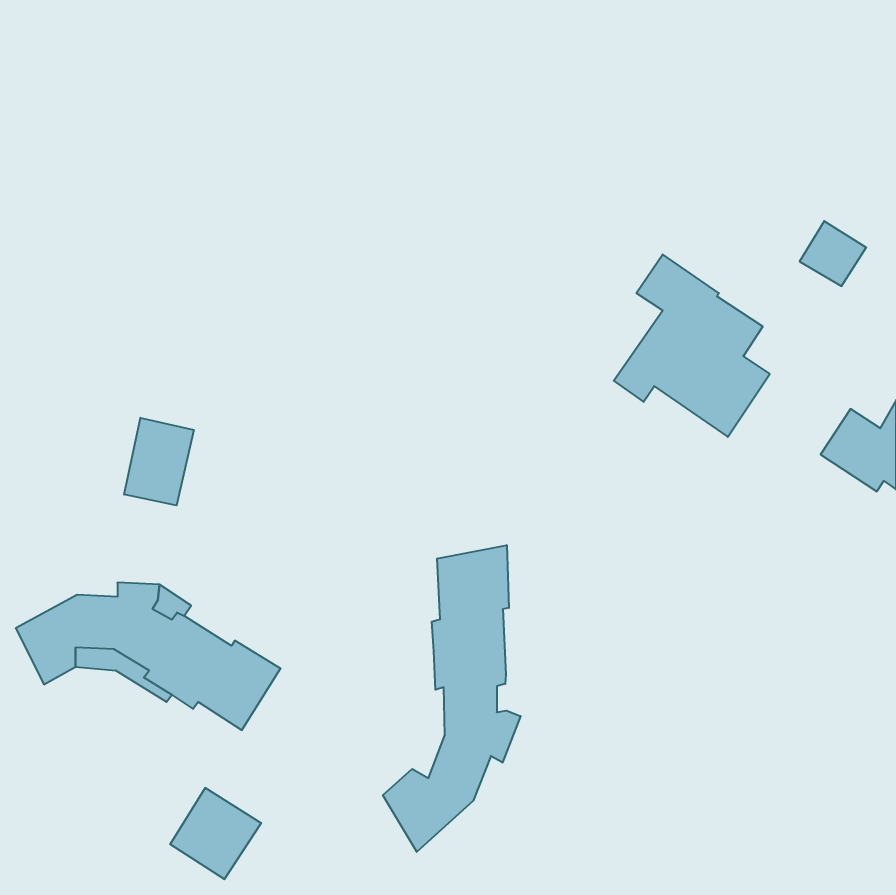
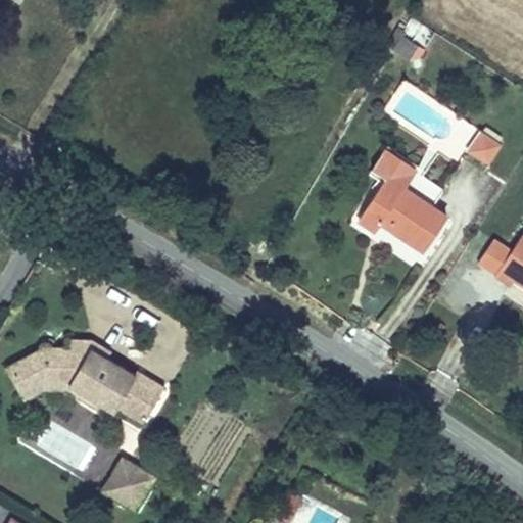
building: [124,418,194,505] -> none
building: [383,545,521,852] -> none

